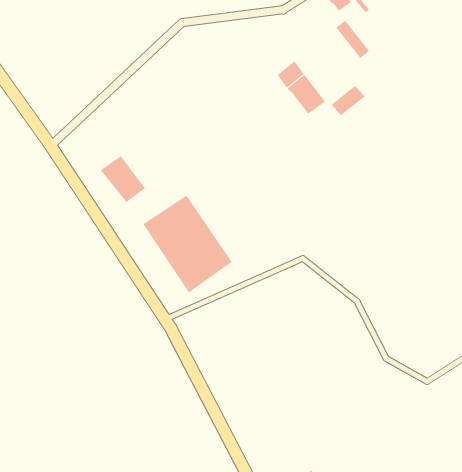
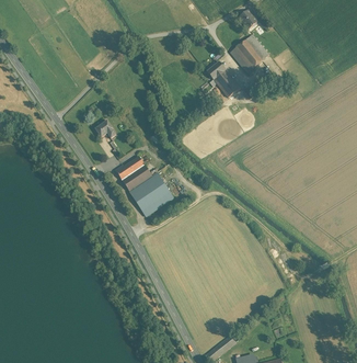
building: none -> [230,39,262,72]

